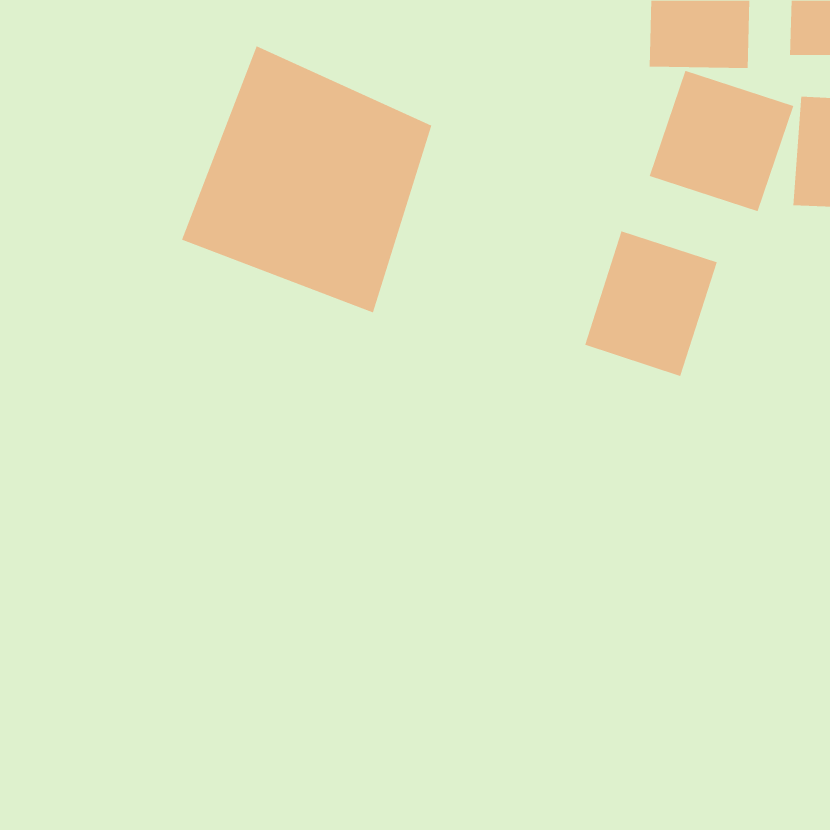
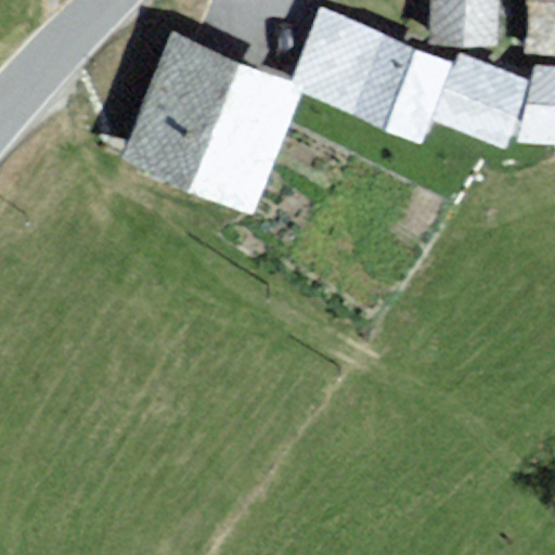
building: none -> [289,10,447,137]
building: [584,230,717,377] -> none

